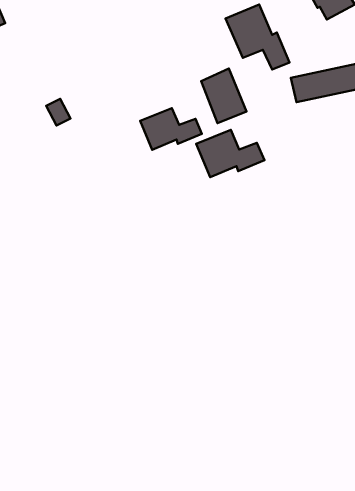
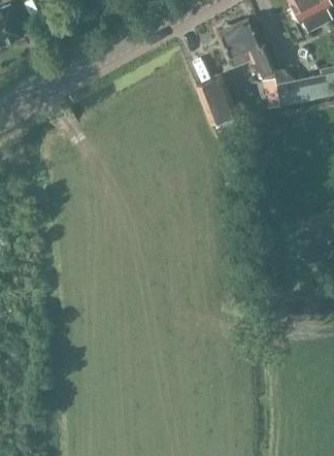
building: [140,108,202,150] -> none
building: [196,130,264,177] -> none

